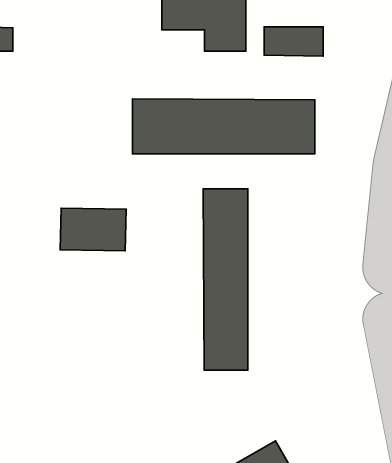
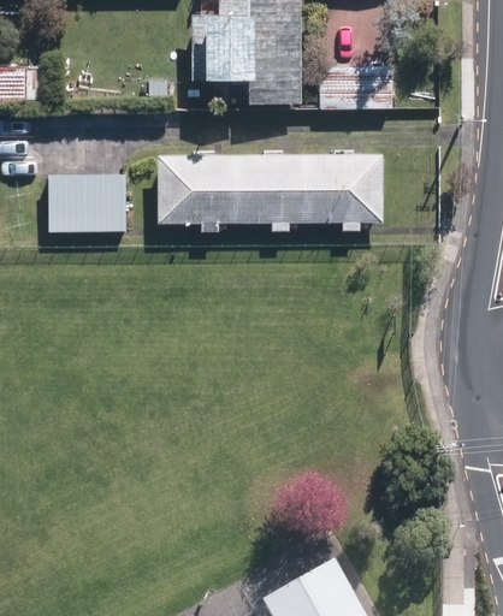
building: [203,189,248,370] -> none
building: [60,208,126,251] -> [48,180,126,231]

